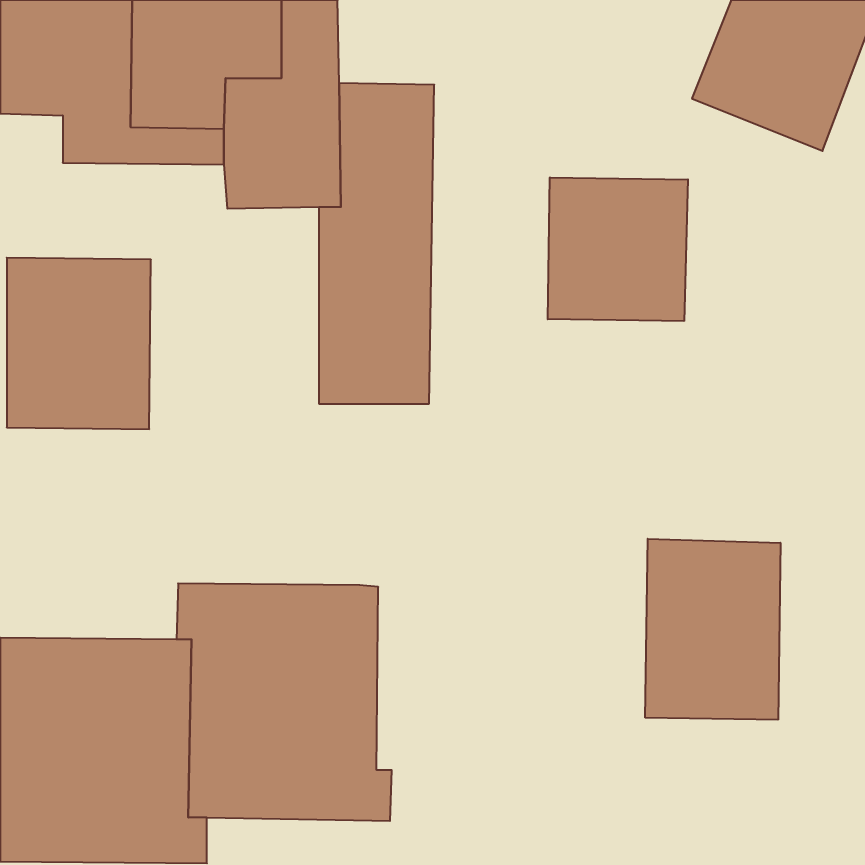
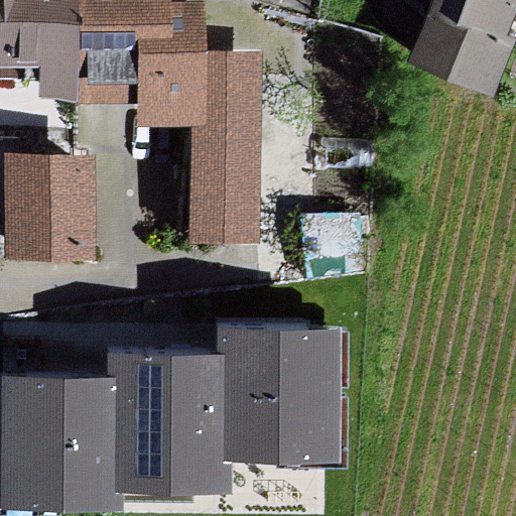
building: [548,177,688,321] -> none
building: none -> [215,320,345,461]
building: [645,539,780,720] -> none

